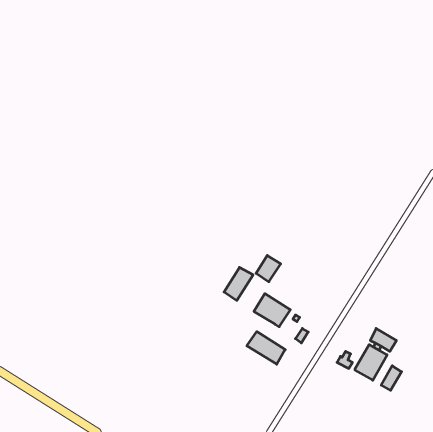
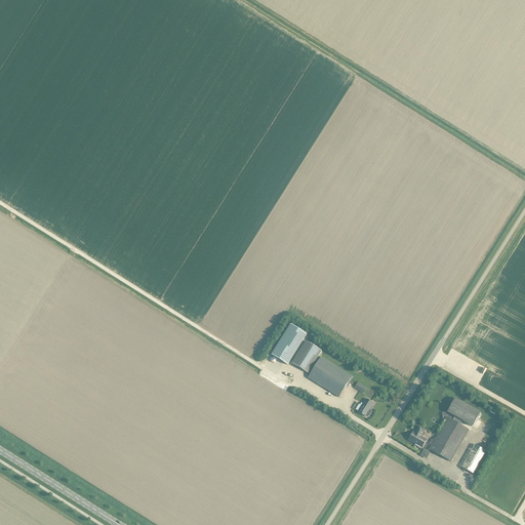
building: [256,255,281,282] -> [291,338,321,370]
building: [247,332,285,364] -> none

